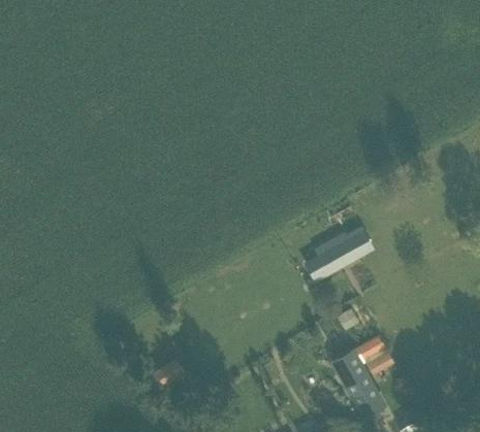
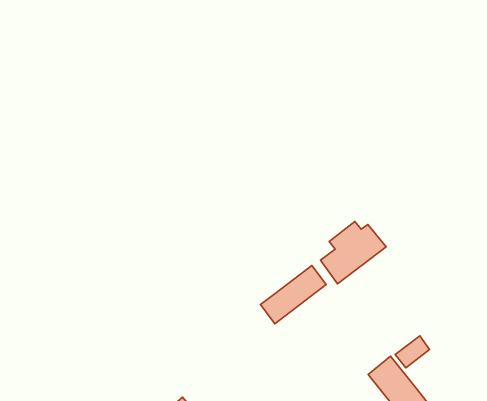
building: none -> [261,266,326,324]

